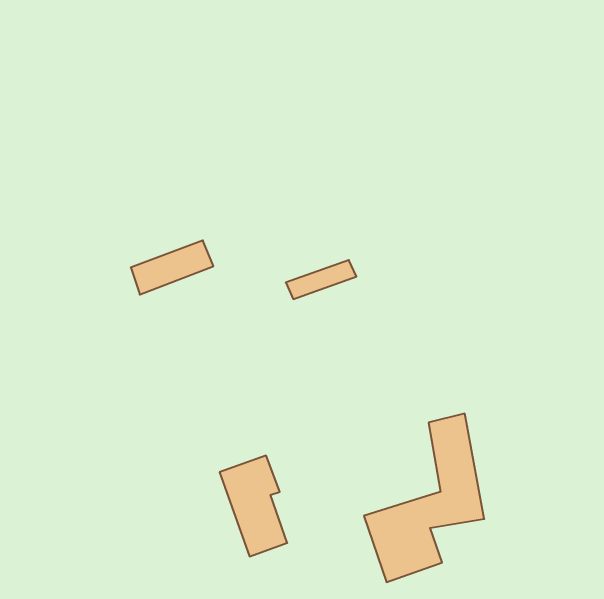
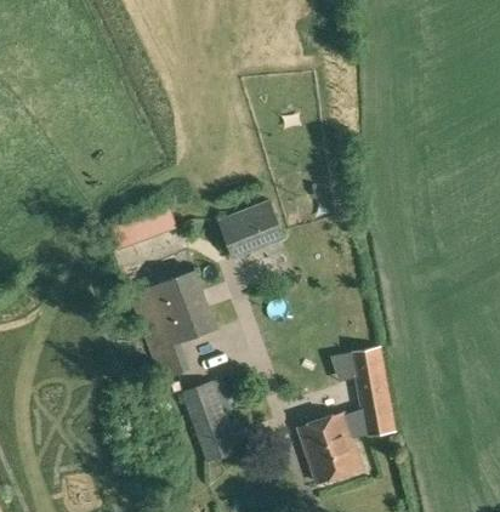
building: none -> [228,199,274,238]
building: none -> [131,269,216,379]

